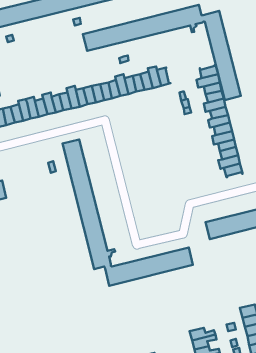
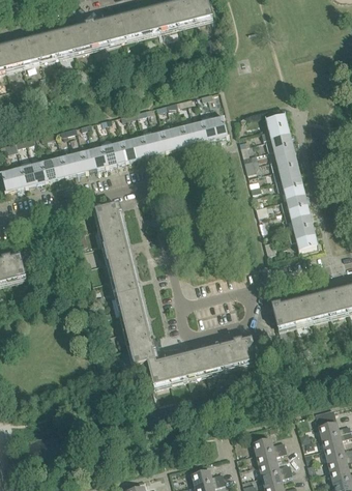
building: [83,5,241,100] -> none

